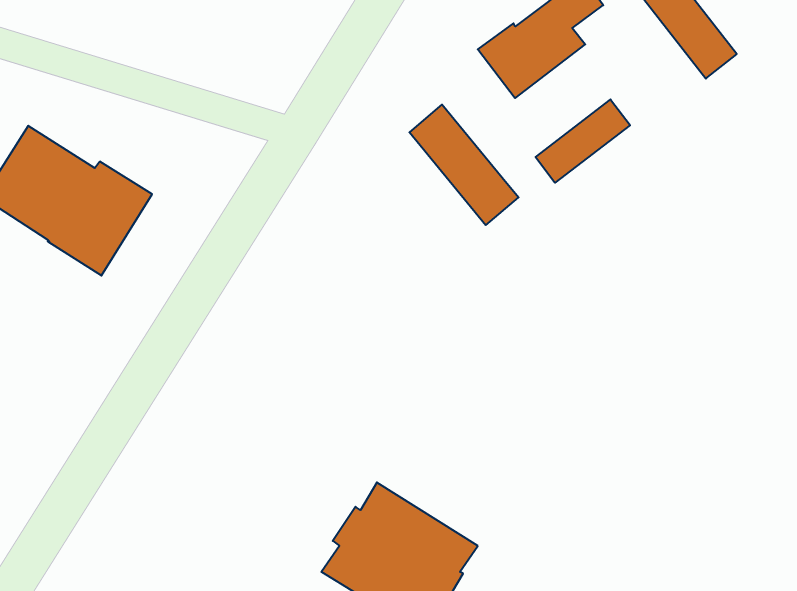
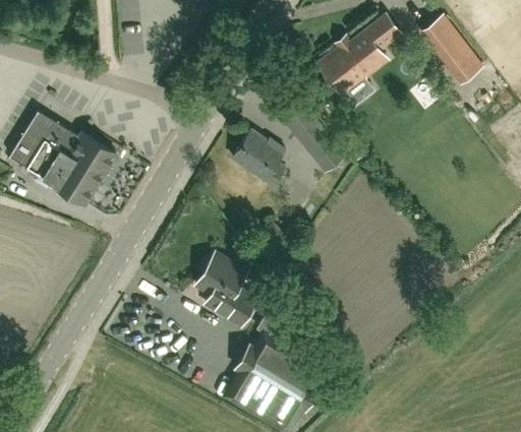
building: [536,99,630,183] -> none
building: none -> [231,133,284,187]
building: none -> [196,254,252,323]

